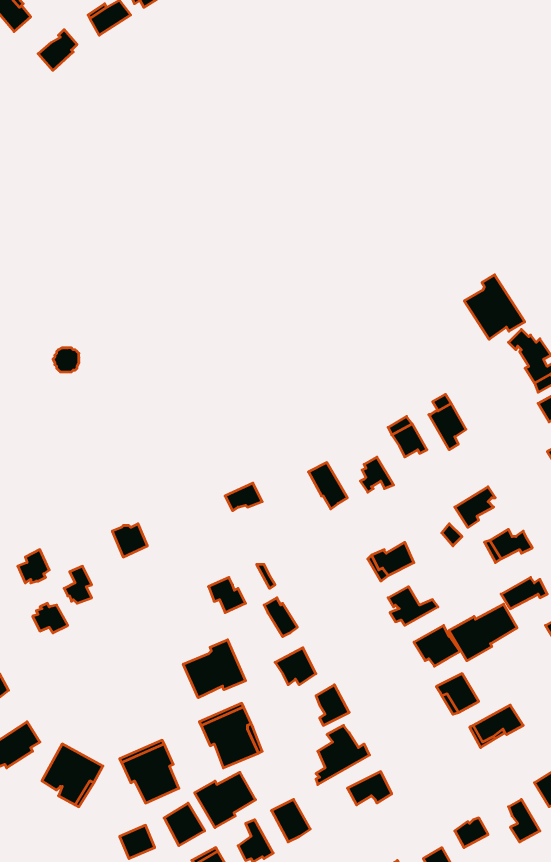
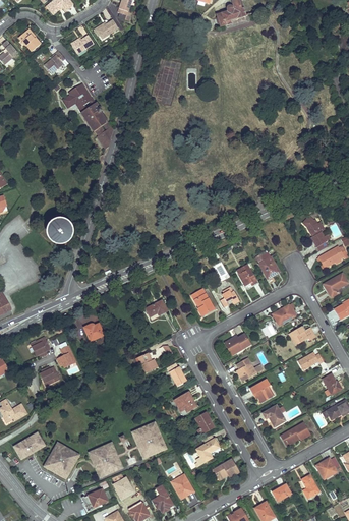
building: none -> [64,81,114,149]
building: [464,275,525,339] -> none
building: [449,604,517,661] -> none
building: [183,640,246,698] -> none
building: [195,772,256,828] -> none

